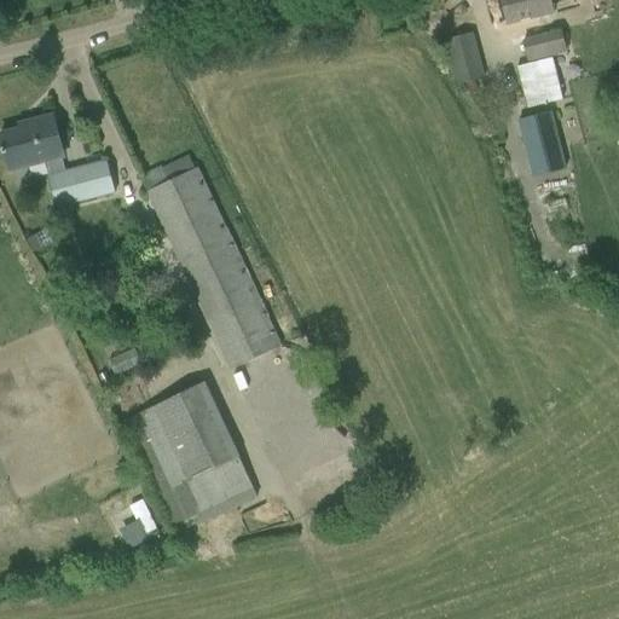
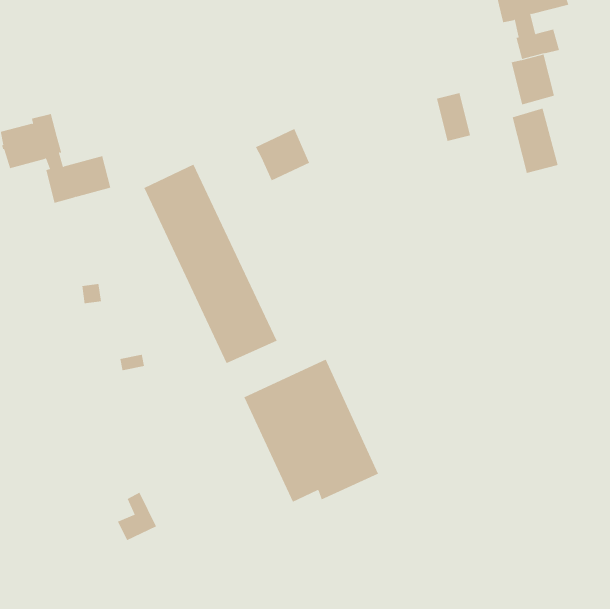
building: [447,33,482,82] -> [436,92,471,141]
building: none -> [255,128,310,181]
building: [121,380,258,525] -> [244,359,379,503]

